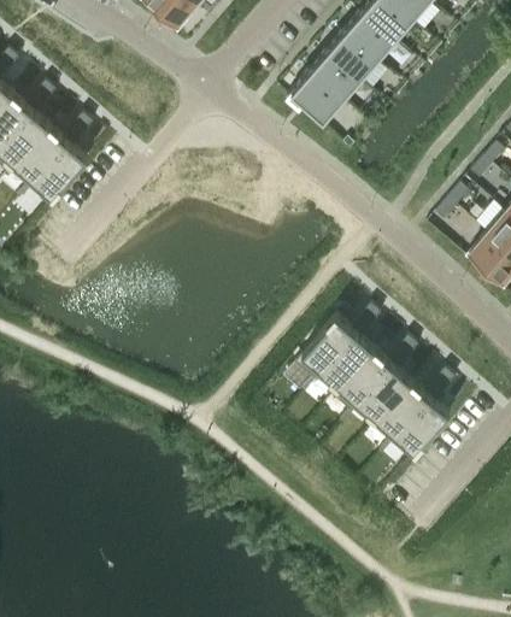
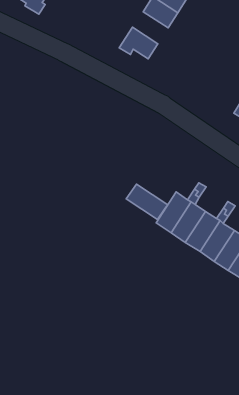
building: [306,54,357,102] -> none
building: none -> [126,184,168,219]

